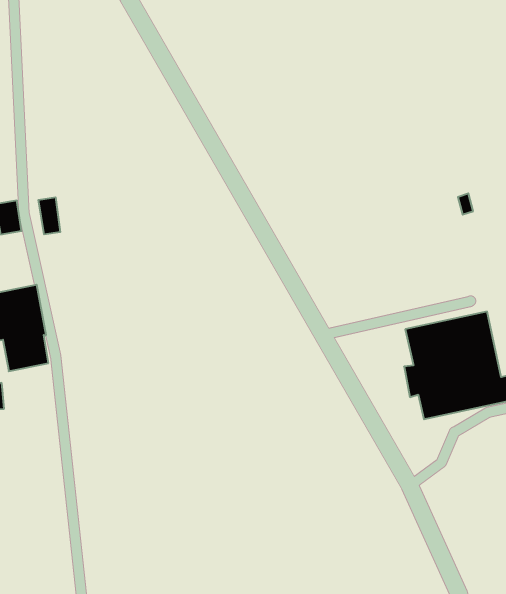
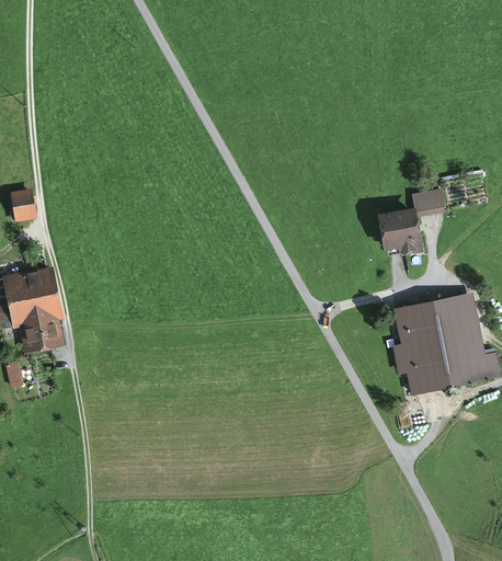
building: [38,197,60,234] -> none
building: none -> [377,191,442,253]

